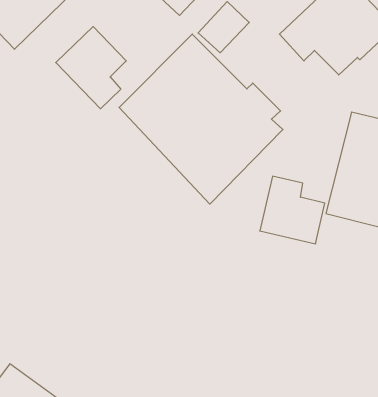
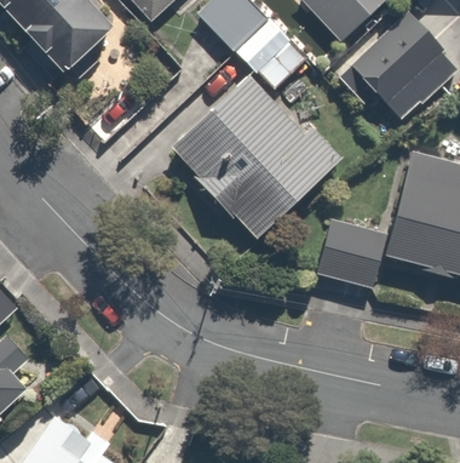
building: [56,27,126,109] -> none

